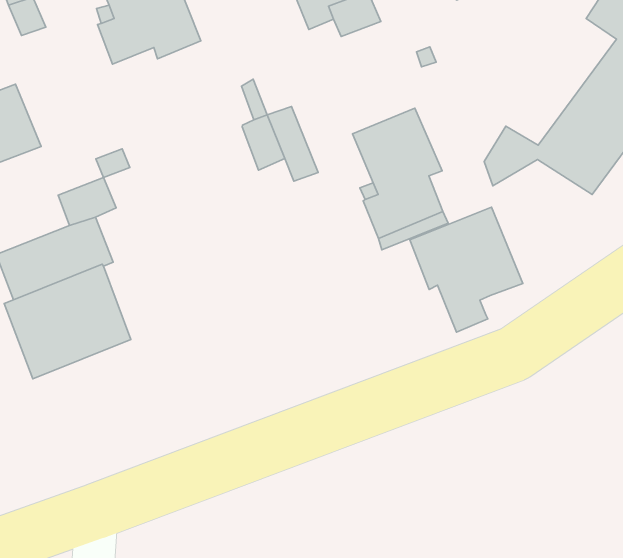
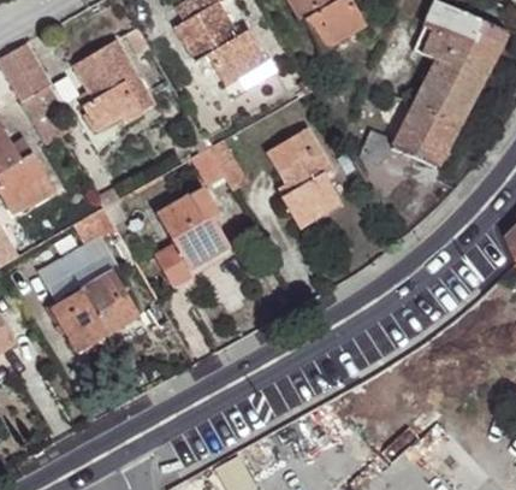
building: none -> [154,187,230,287]
building: [410,207,523,332] -> none

